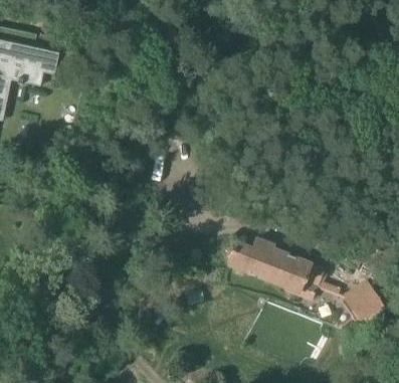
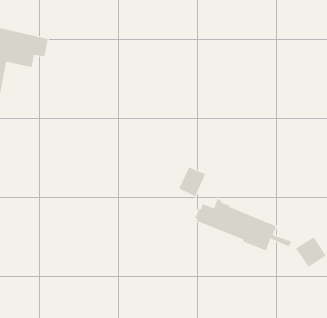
building: none -> [178,166,206,197]

